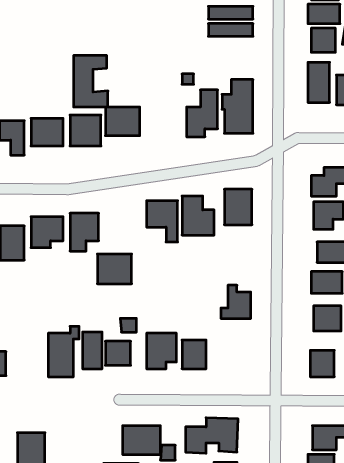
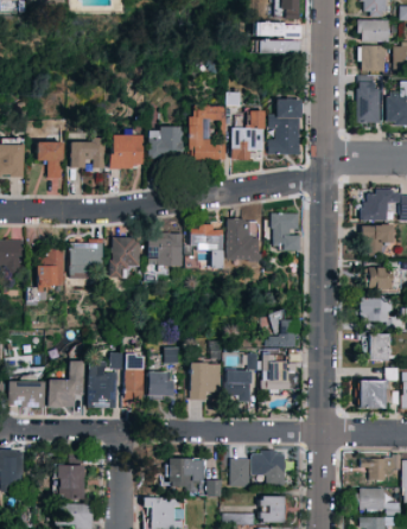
building: [74,56,108,107] -> [189,106,224,159]
building: [97,254,132,284] -> [147,234,183,264]
building: none -> [263,355,290,389]
building: none -> [47,361,83,406]

